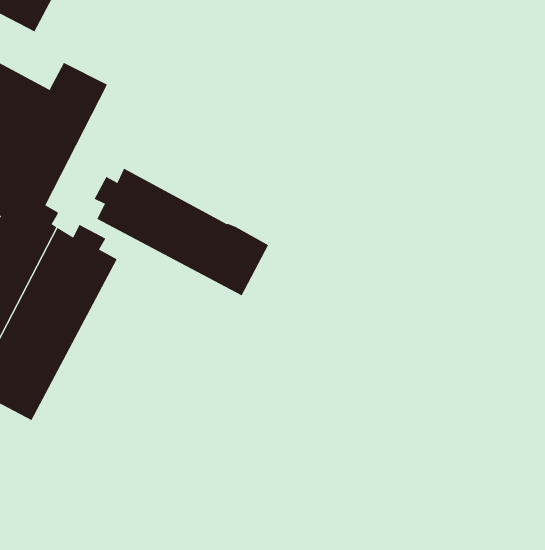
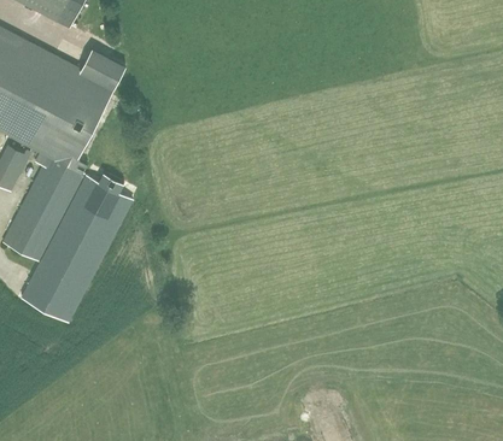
building: [94,168,269,296] -> none

